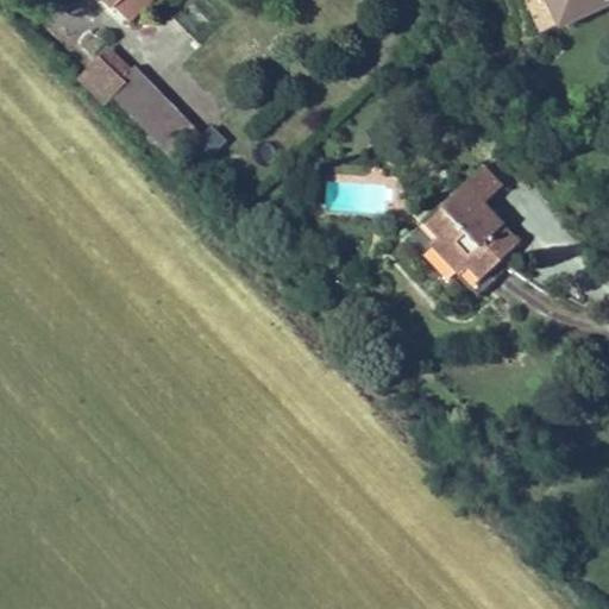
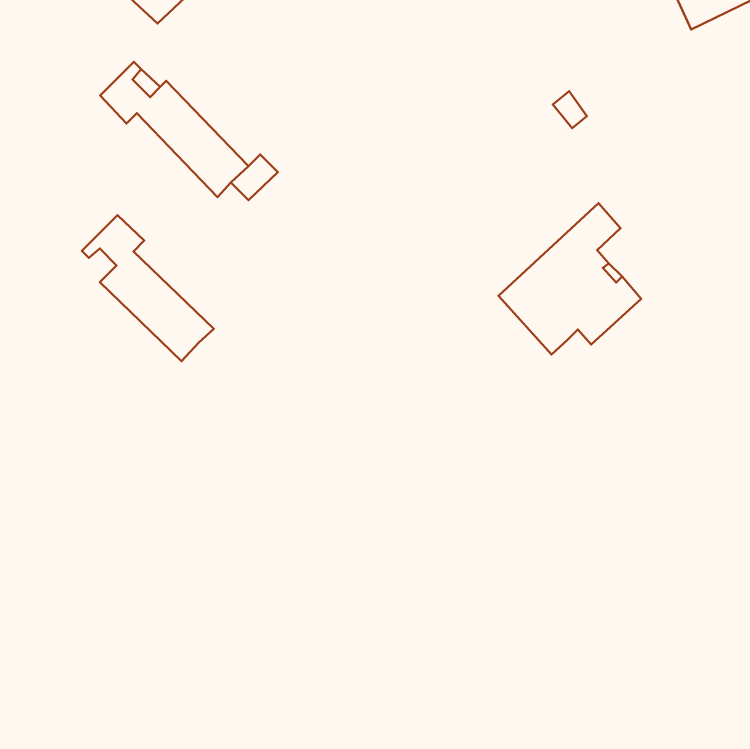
building: none -> [82,215,214,361]

